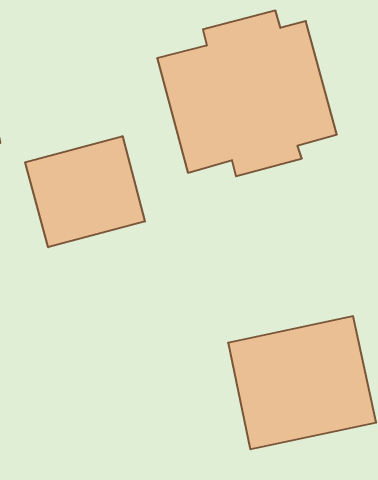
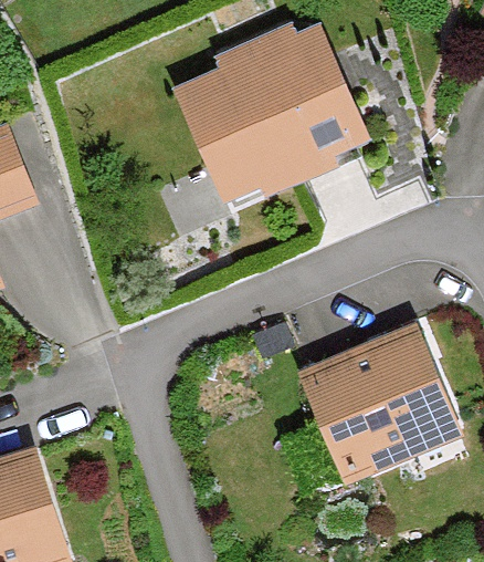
building: [25,136,145,247] -> none

